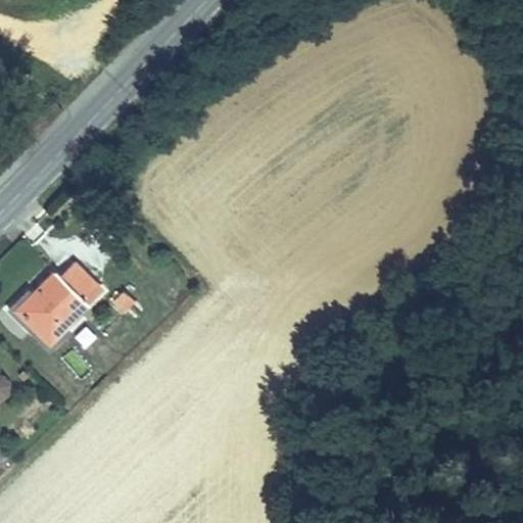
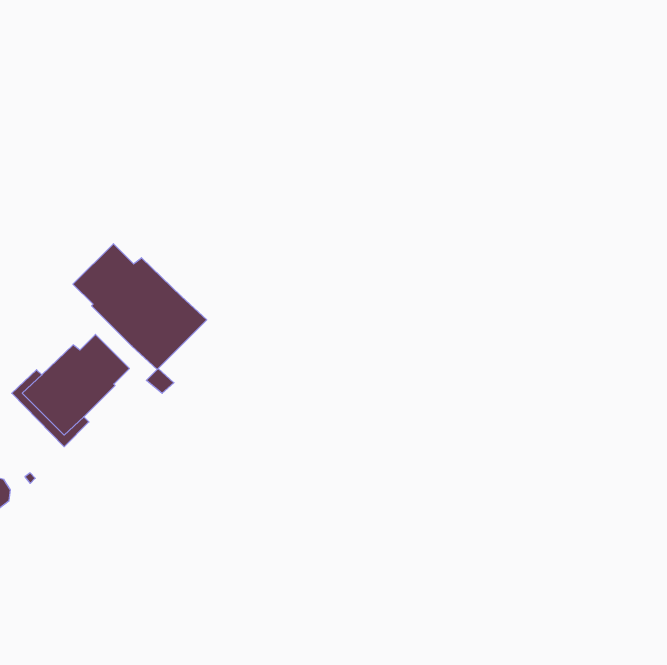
building: none -> [73,244,207,370]

